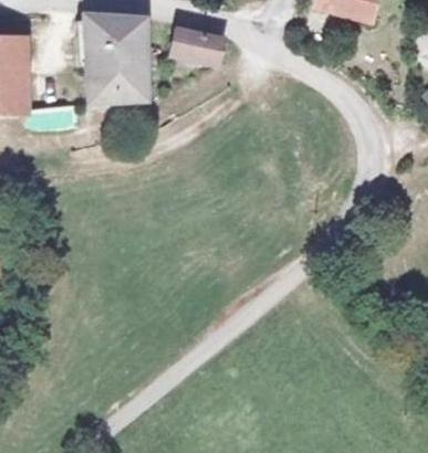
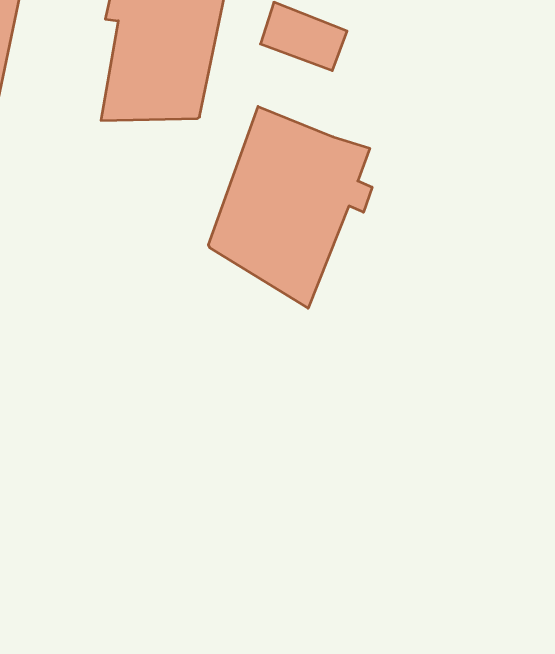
building: none -> [208,106,372,308]

